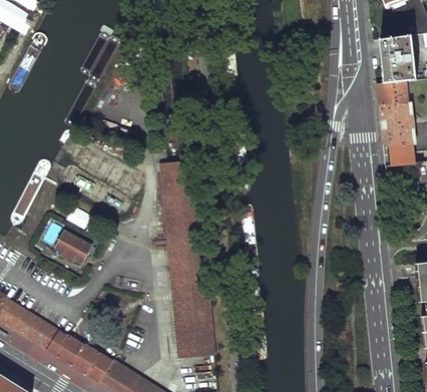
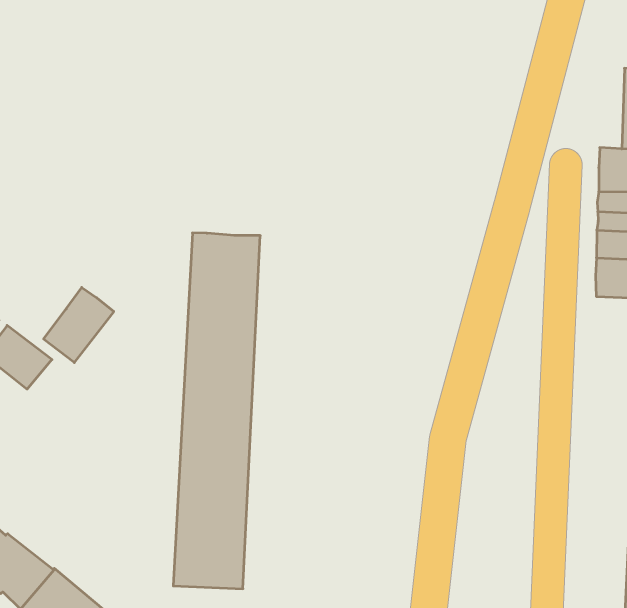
building: none -> [44,287,114,363]

